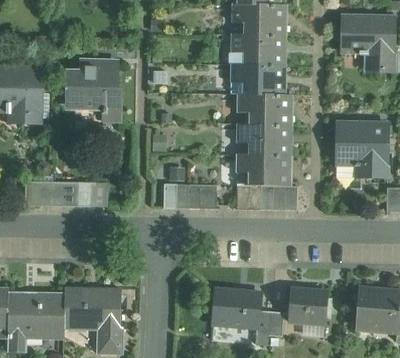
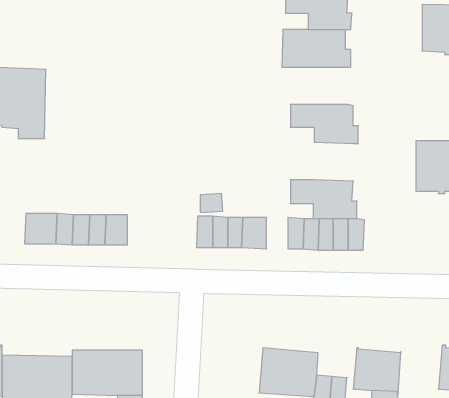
building: [66,59,122,121] -> none
building: [230,64,284,94] -> none
building: [236,124,291,155] -> none

